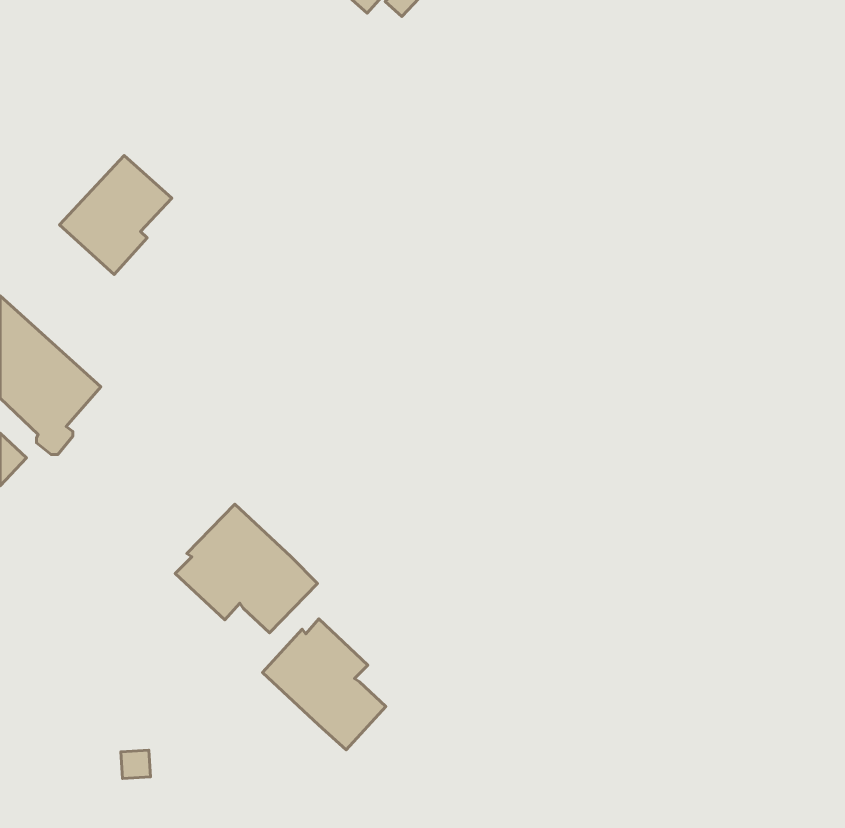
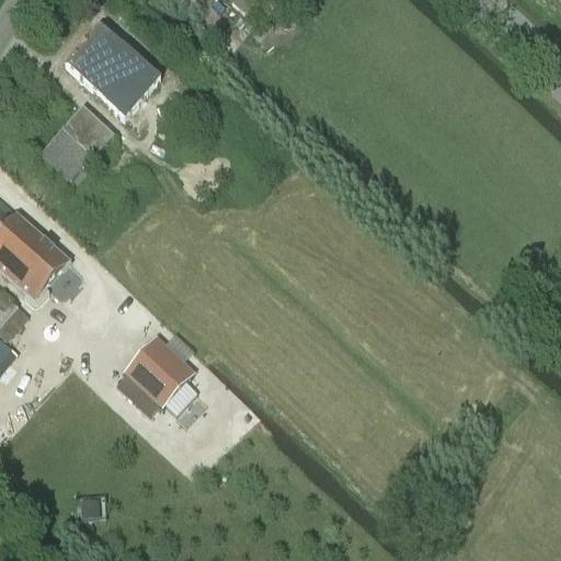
building: none -> [65,22,160,116]
building: [263,619,386,750] -> none

